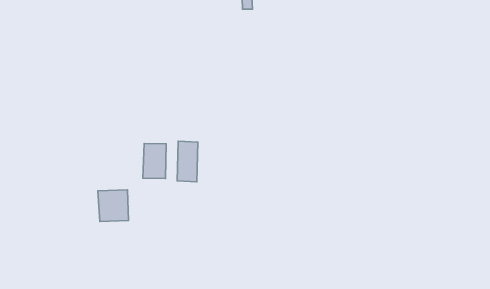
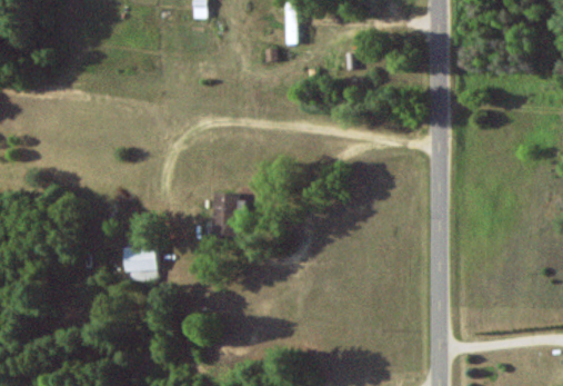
building: [143,143,166,179] -> none

